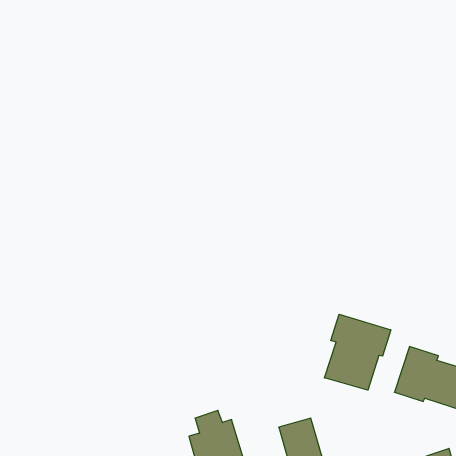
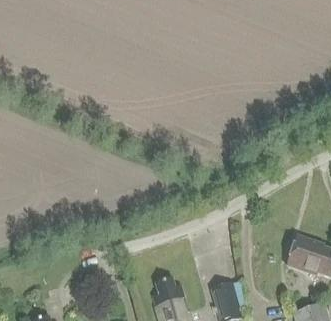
building: [324,314,391,390] -> none

